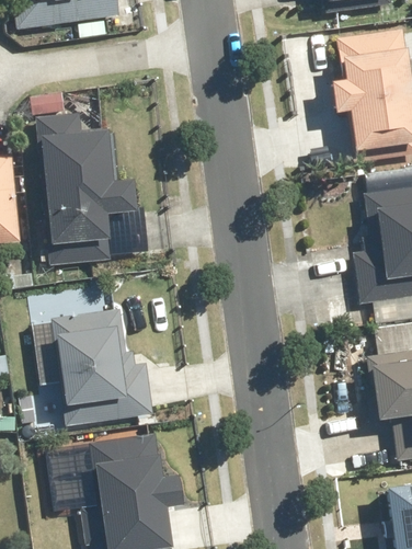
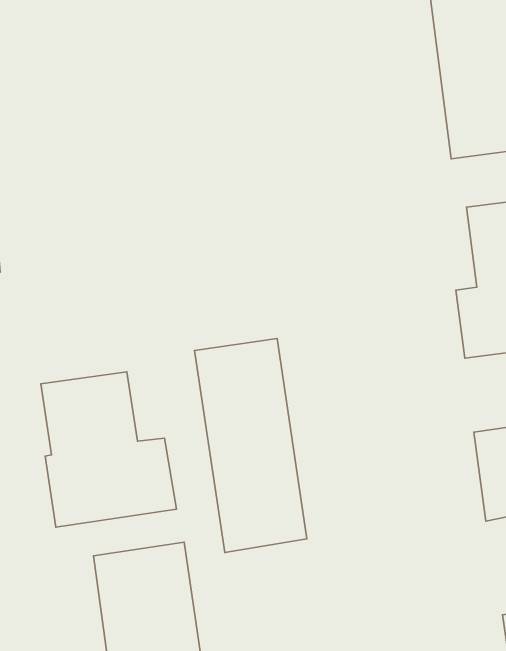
building: [33,112,119,264] -> none
building: none -> [194,338,307,553]

